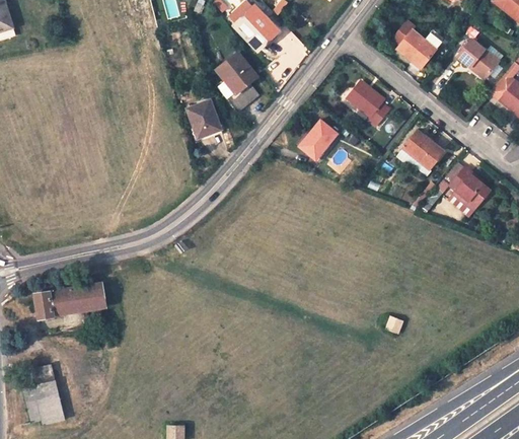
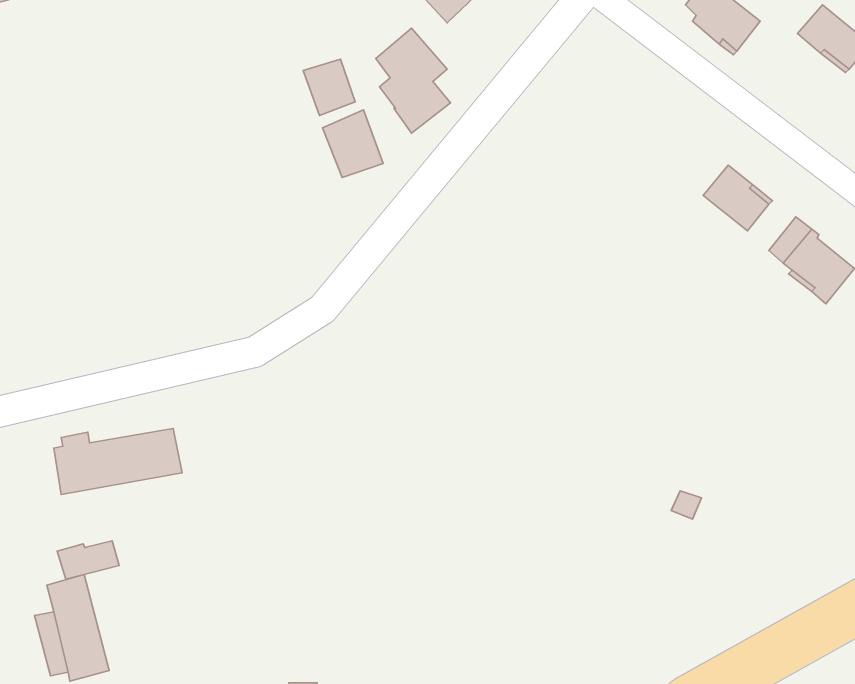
building: none -> [303,59,355,115]
building: [348,80,389,126] -> none
building: [298,120,337,158] -> none
building: none -> [57,541,119,579]

